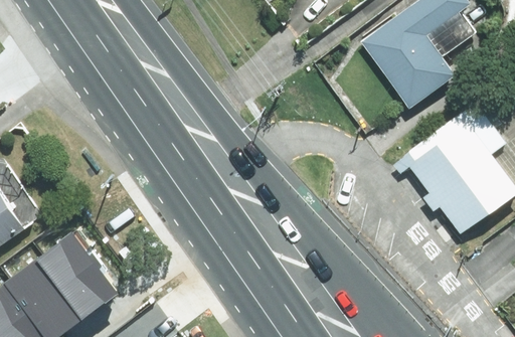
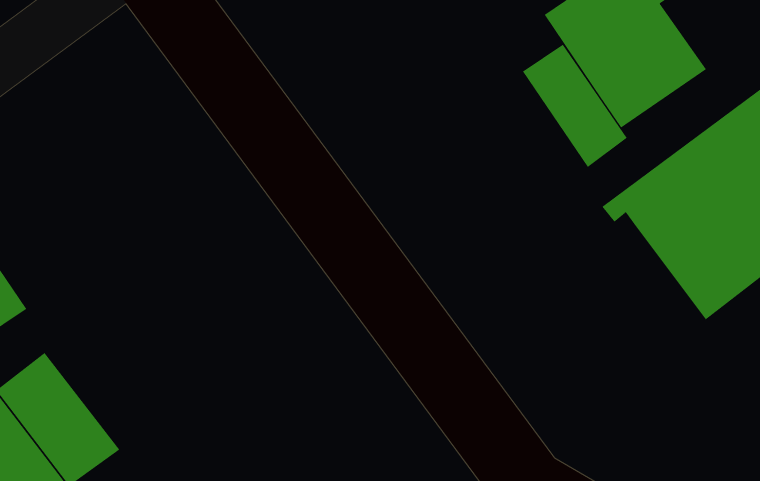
building: none -> [522,44,627,168]
building: [41,231,118,316] -> none

